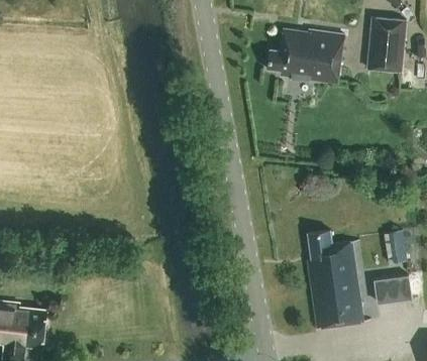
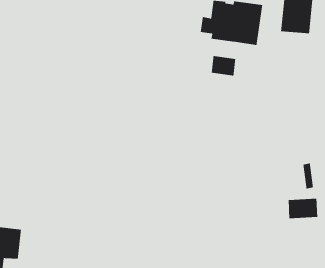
building: none -> [211,55,236,76]
building: [305,231,363,329] -> none

